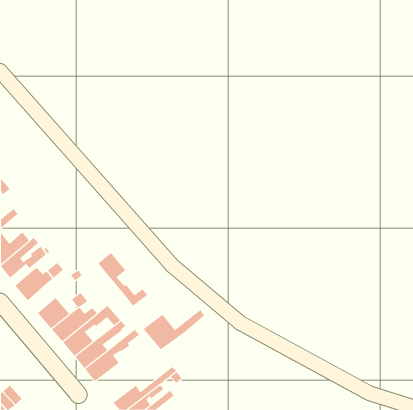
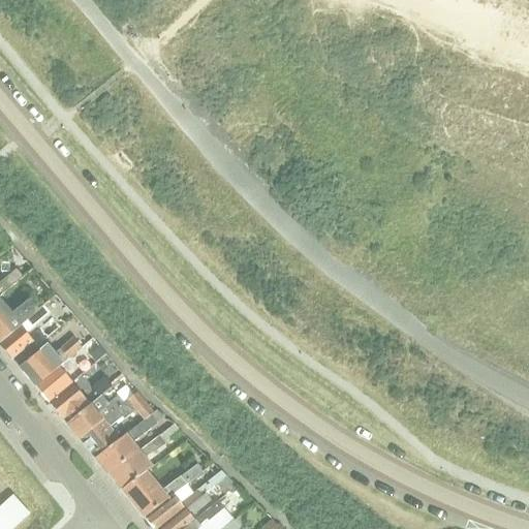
building: [97,252,148,306] -> none
building: none -> [35,359,71,401]
building: [143,309,205,350] -> [121,463,200,516]

